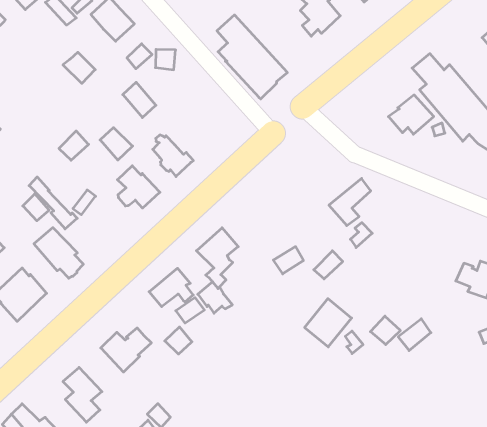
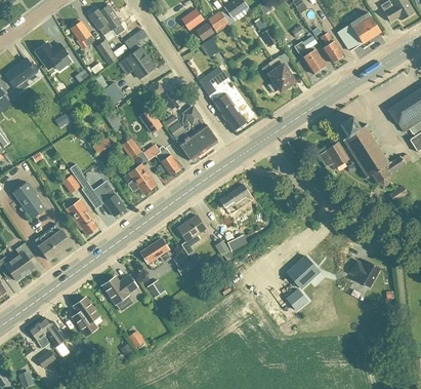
building: none -> [164,108,218,160]
building: [329,178,371,226] -> [218,184,248,215]
building: none -> [89,189,125,216]
building: [305,299,352,347] -> [287,255,320,287]

